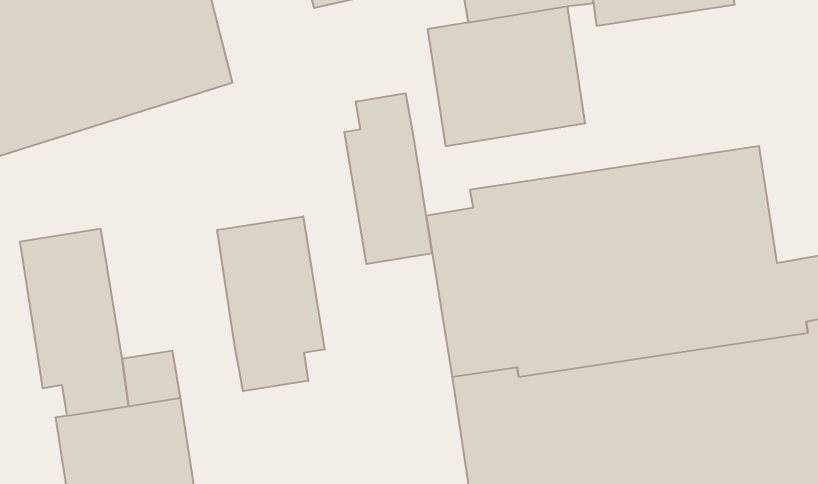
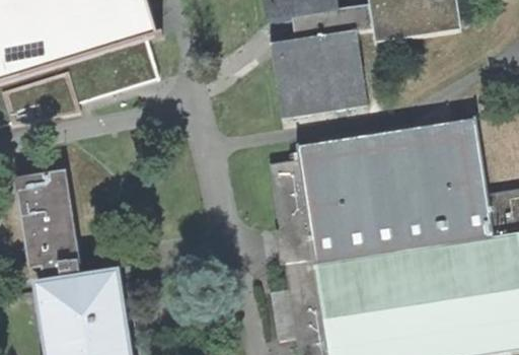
building: [345,93,432,264] -> none
building: [217,216,325,391] -> none

